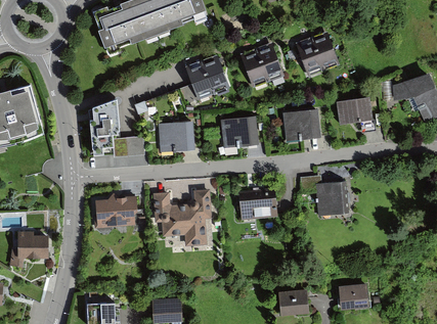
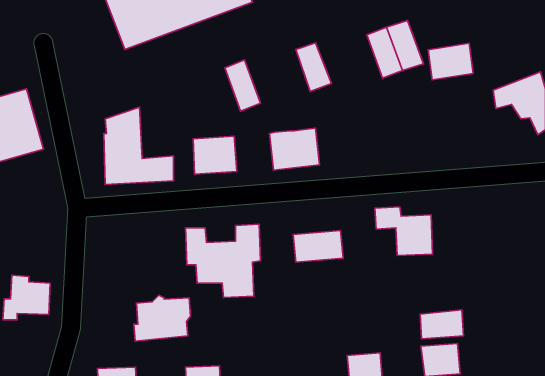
building: [255,42,282,80] -> none
building: [200,56,228,95] -> none
building: [337,96,372,125] -> [428,43,473,80]
building: [283,108,320,139] -> none
building: [92,192,136,228] -> [134,295,190,341]
building: none -> [420,310,463,339]

